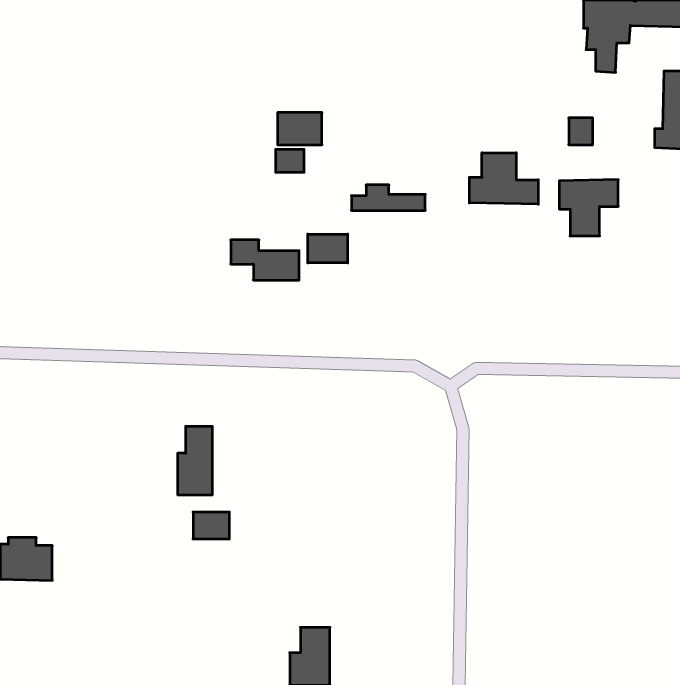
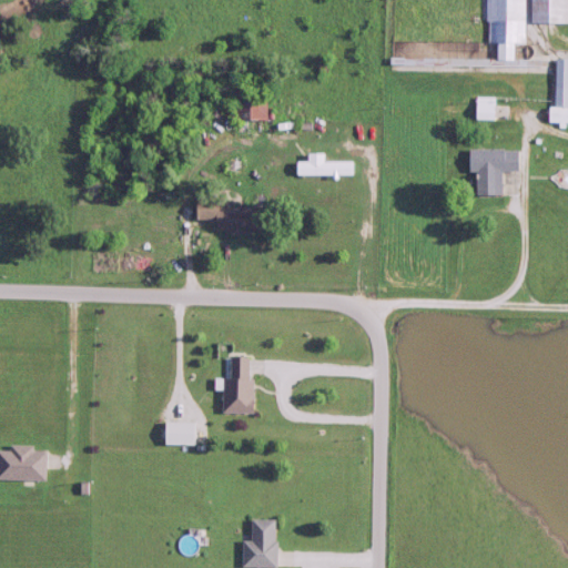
building: [276,149,304,172] -> none
building: [469,153,538,204] -> none
building: [308,234,348,263] -> none
building: [178,426,212,495] -> [223,357,252,414]

